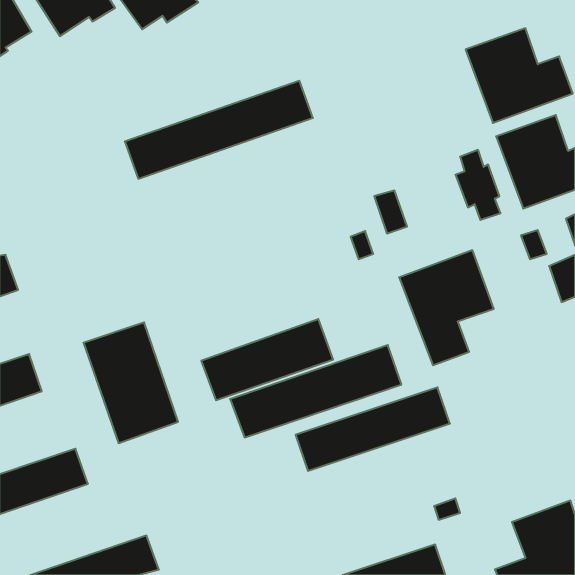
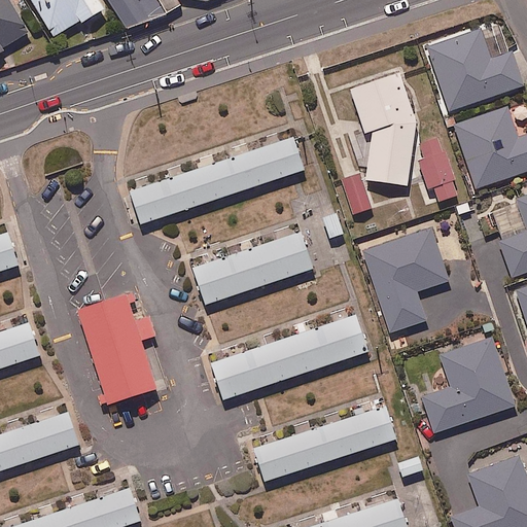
building: [125,81,313,179] -> [133,136,305,225]
building: none -> [351,74,415,183]
building: [201,319,333,400] -> [190,230,311,304]
building: none -> [421,339,514,431]
building: [296,387,450,471] -> [255,405,396,481]

